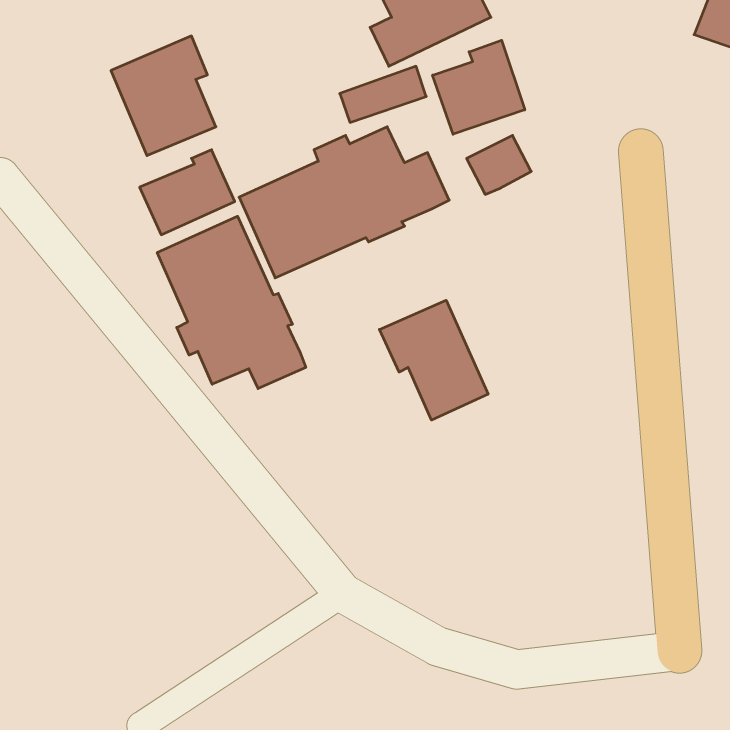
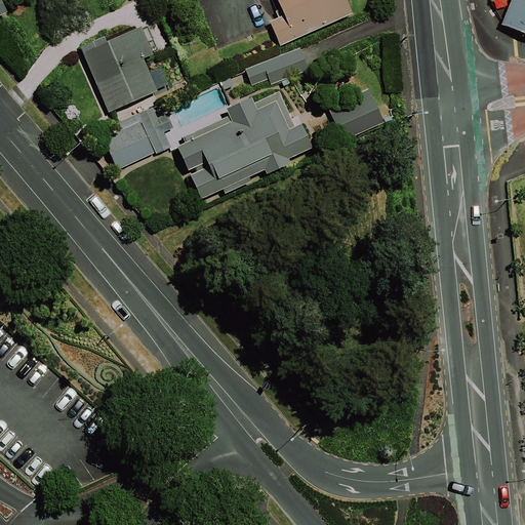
building: [433,40,525,134] -> none
building: [157,216,306,389] -> none
building: [379,300,488,420] -> none

